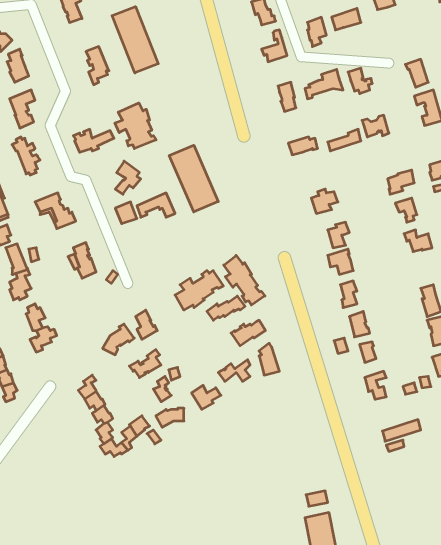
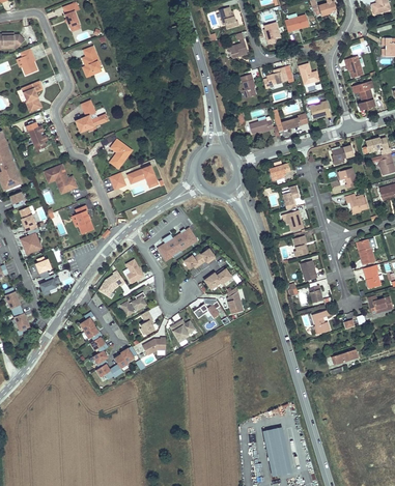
building: [112,7,158,73] -> none
building: [115,103,156,149] -> none
building: [169,145,218,212] -> none
building: [224,255,265,305] -> none

